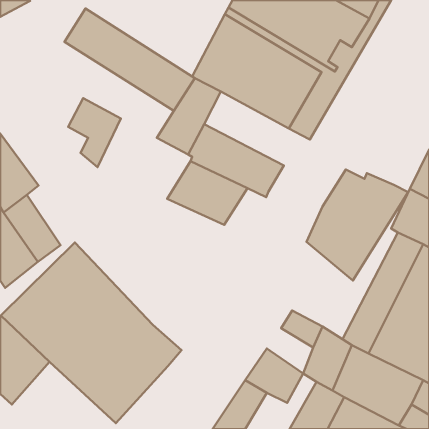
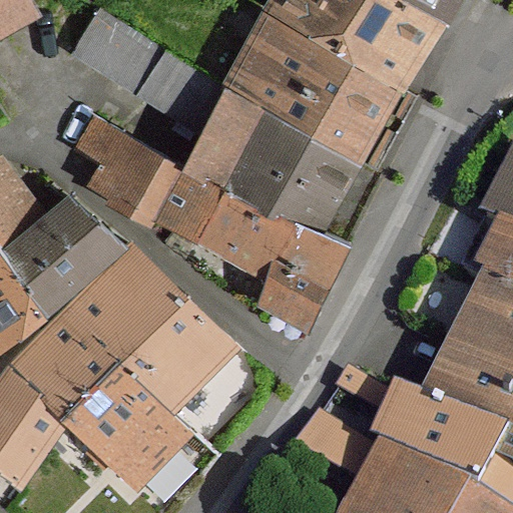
building: none -> [243,109,360,197]
building: none -> [116,141,229,241]
building: none -> [32,199,124,293]
building: [307,170,408,280] -> [248,224,370,357]
building: none -> [89,259,216,388]

